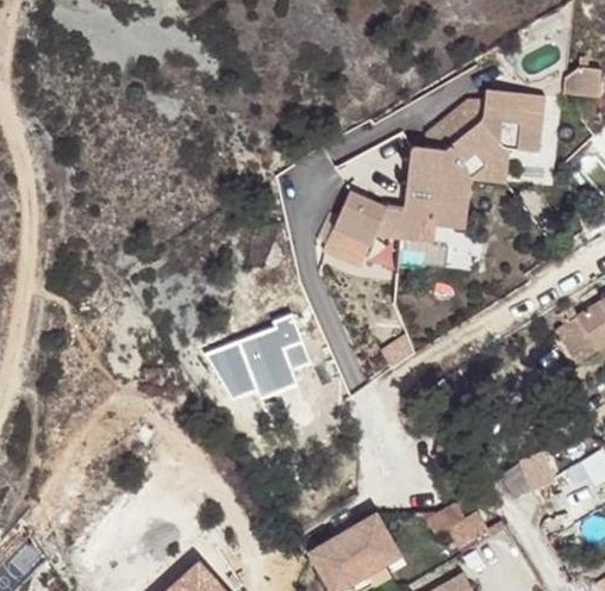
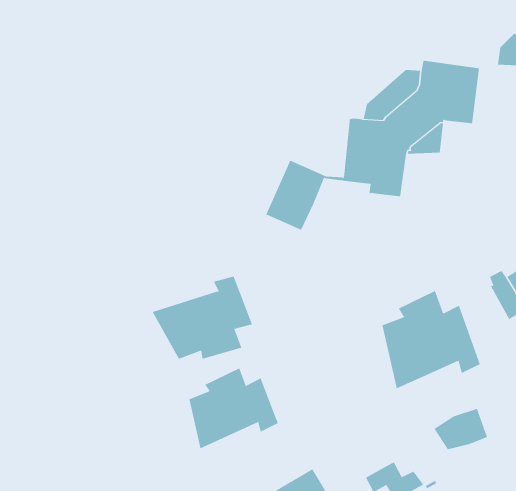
building: [375,213,435,247] -> none
building: none -> [382,290,481,389]
building: none -> [189,368,278,449]

